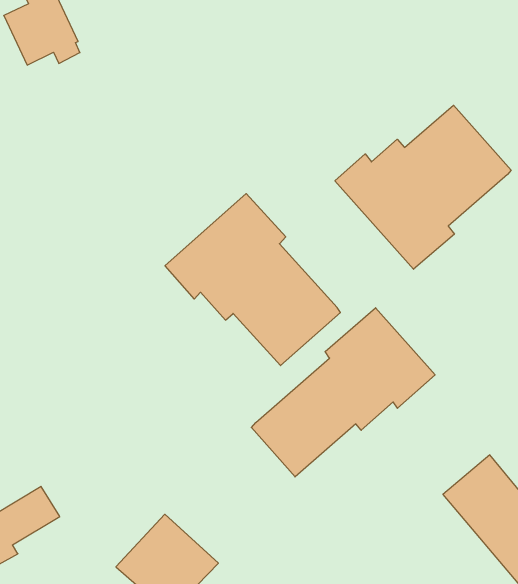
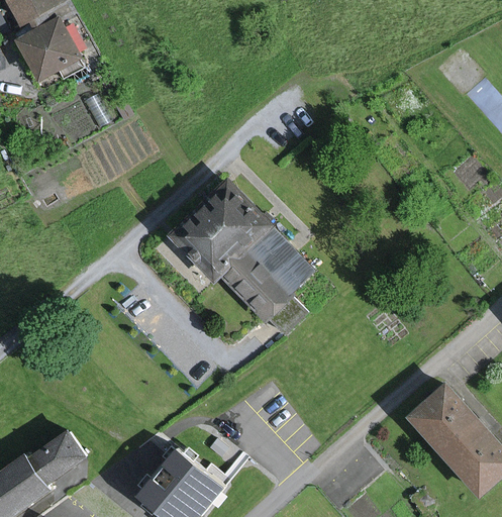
building: [335,105,511,269] -> none
building: [251,308,435,477] -> none

